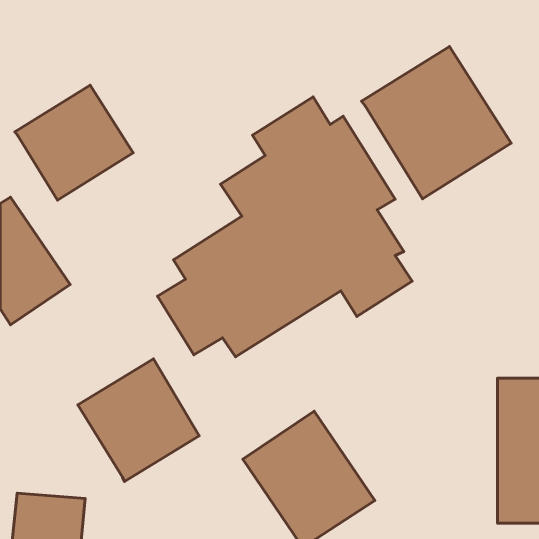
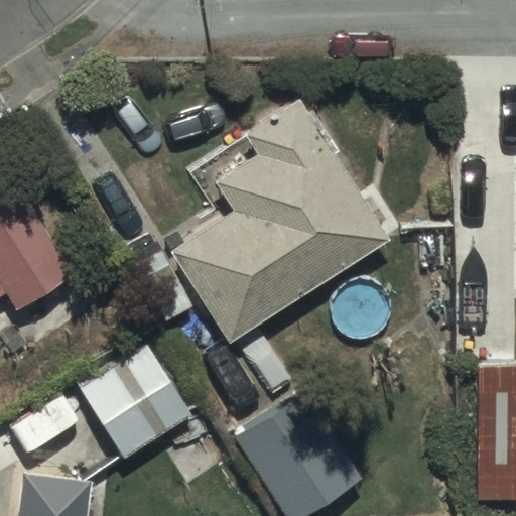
building: [361,46,511,199] -> none
building: [15,85,133,200] -> none

